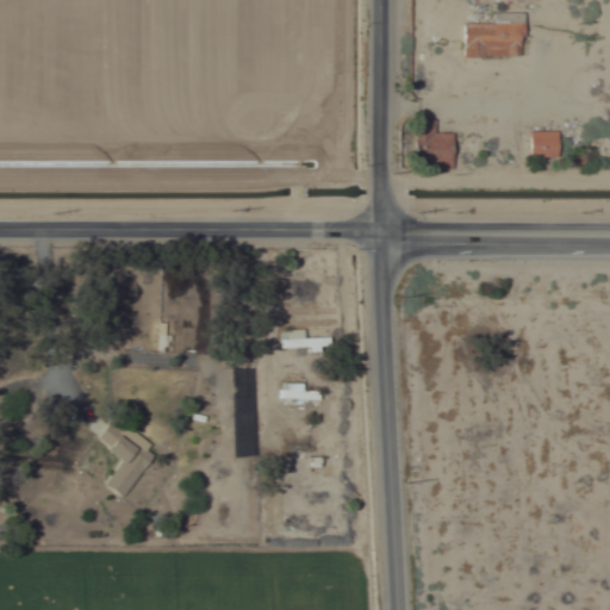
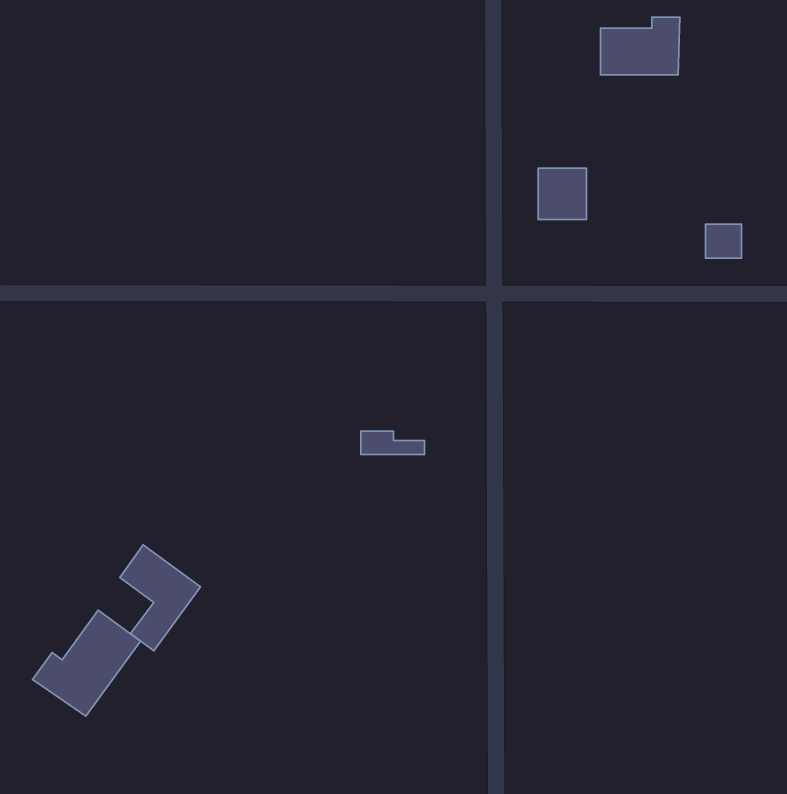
building: [533,130,560,156] -> [706,224,741,258]
building: none -> [32,610,141,716]

